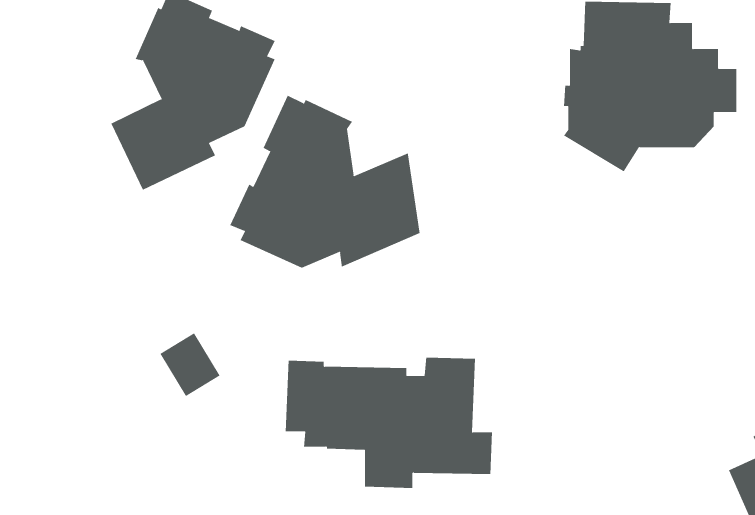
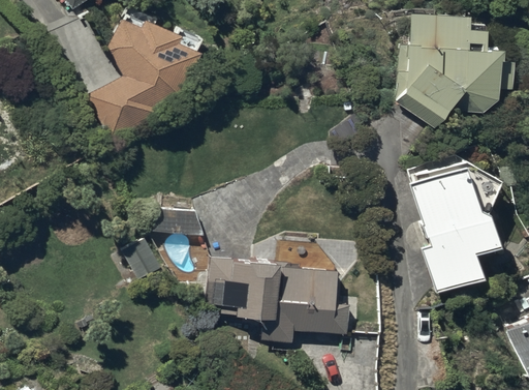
building: [230,95,420,269] -> none
building: none -> [408,156,500,295]

